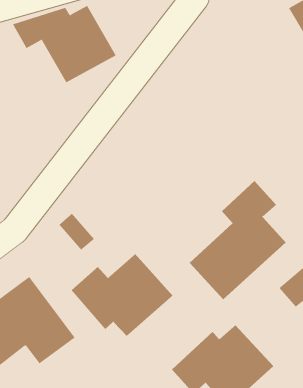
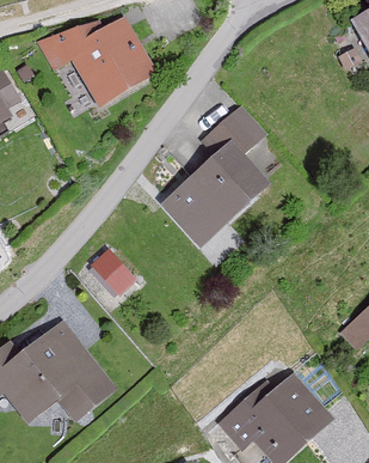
building: [189,180,287,300] -> [159,114,267,248]
building: [71,253,173,337] -> none

